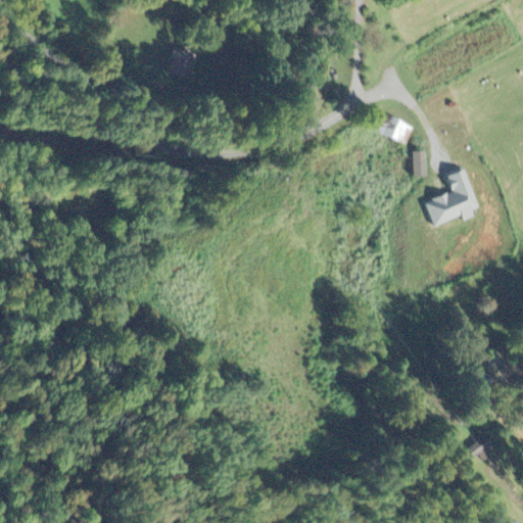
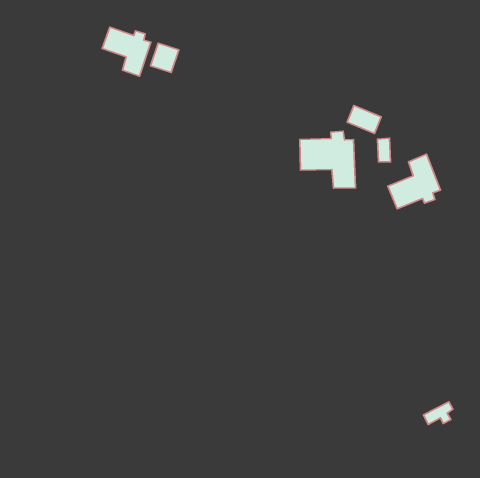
building: none -> [102,27,151,76]
building: none -> [300,131,355,188]

